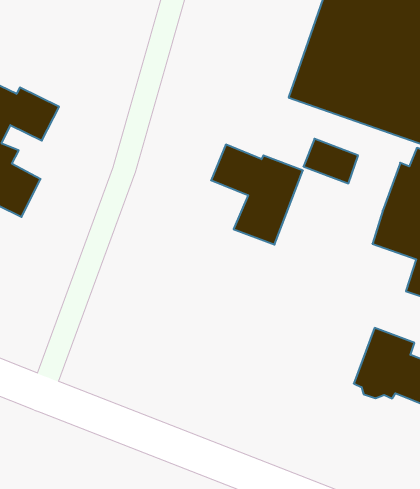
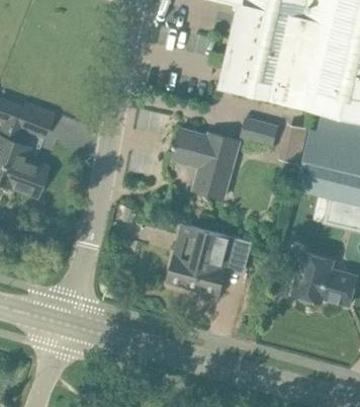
building: none -> [278,124,309,164]
building: none -> [167,224,252,295]

